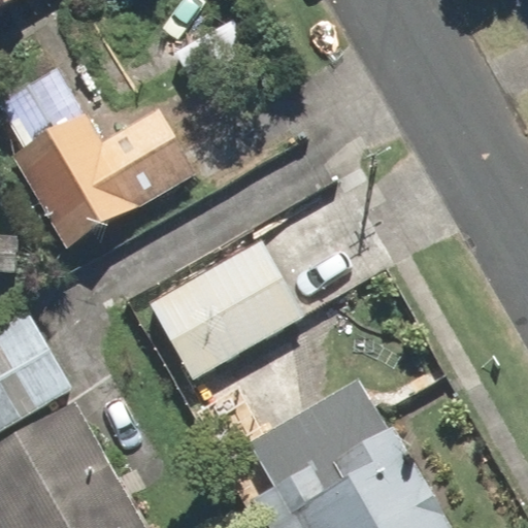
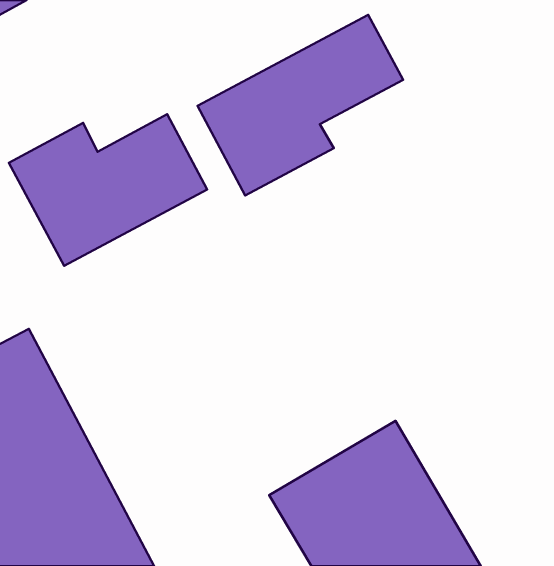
building: none -> [198,15,403,196]
building: [142,169,392,382] -> none

